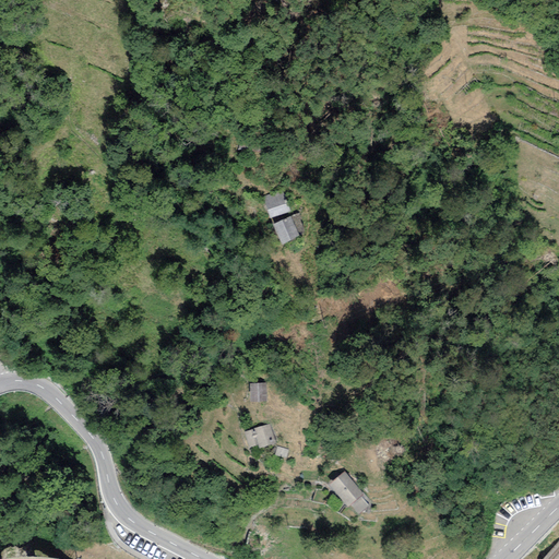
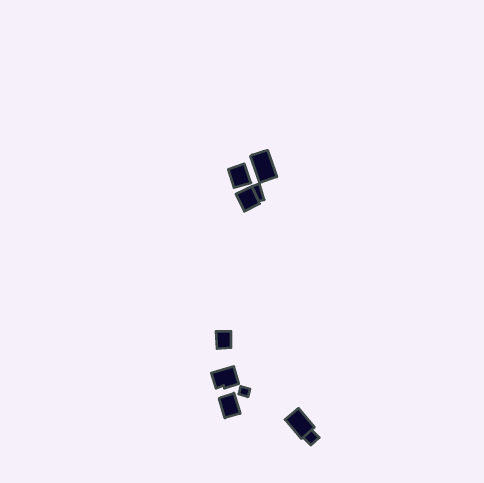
building: none -> [251,150,277,183]
building: none -> [219,393,240,418]

